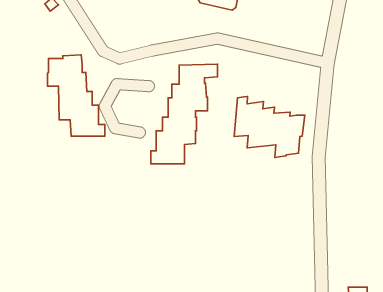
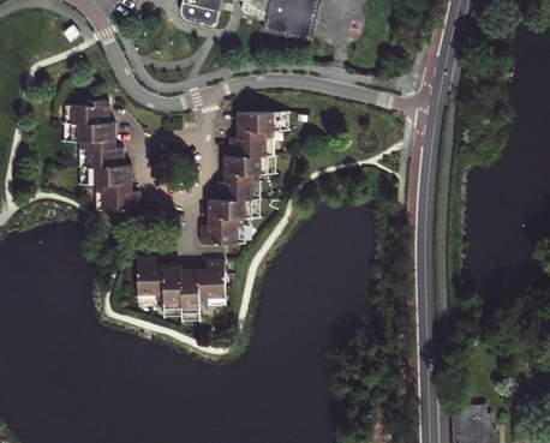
building: [234,96,305,157] -> none
building: none -> [137,255,225,318]

